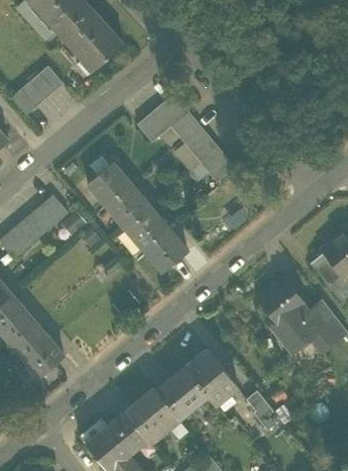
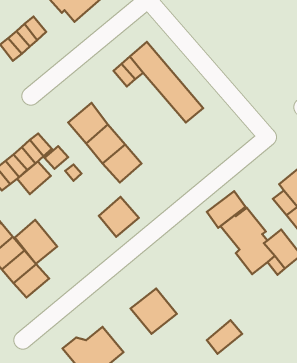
building: none -> [17,161,51,194]
building: [144,228,189,273] -> [99,197,139,237]
building: none -> [207,191,245,228]
building: none -> [15,220,57,264]
building: [185,348,240,406] -> none
building: [125,387,180,442] -> none

